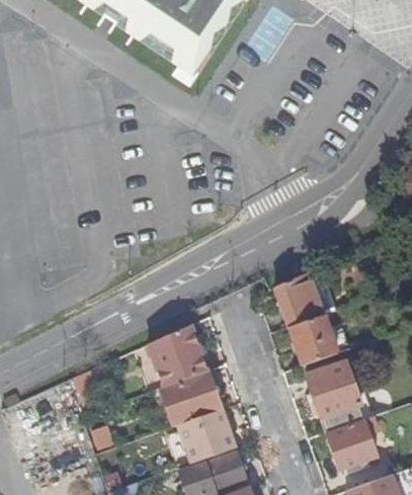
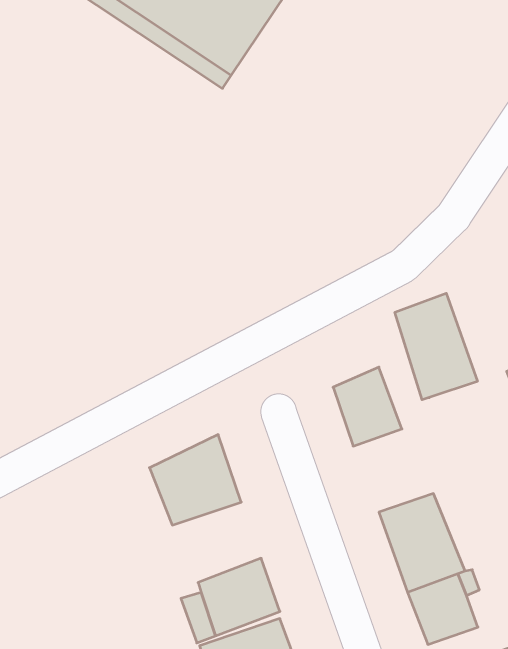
building: none -> [395,293,477,400]
building: [290,318,338,366] -> none
building: [160,369,225,428] -> none

